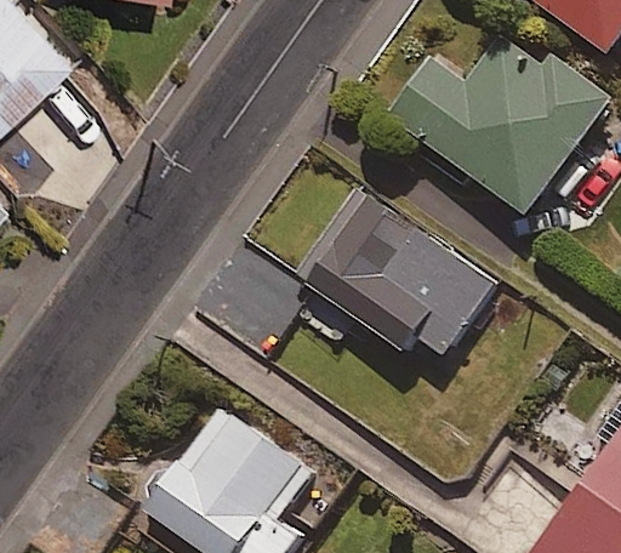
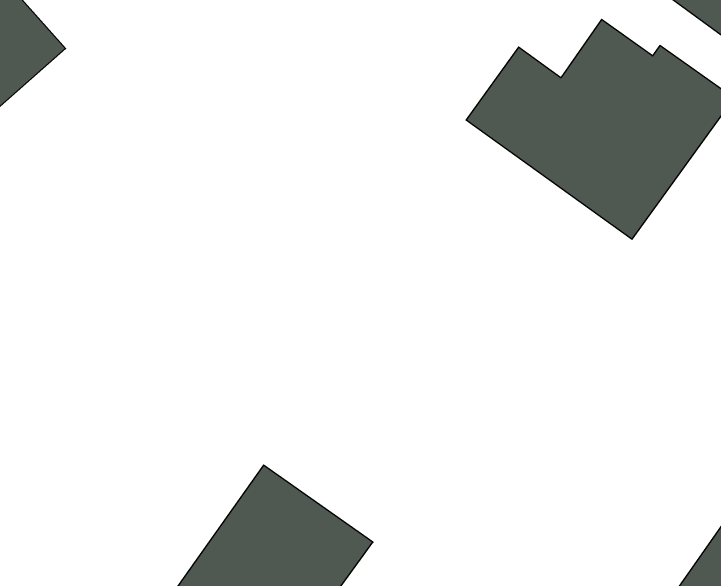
building: [295,187,496,358] -> none

